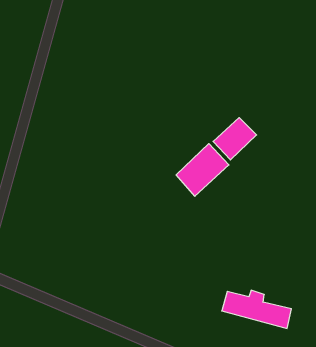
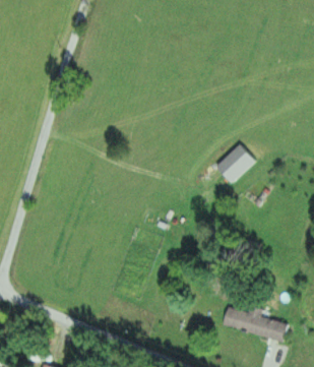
building: [176,144,229,196] -> none

